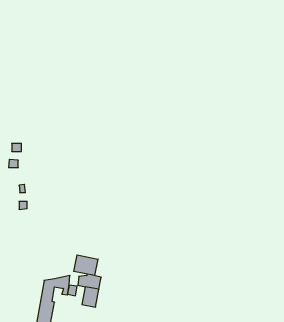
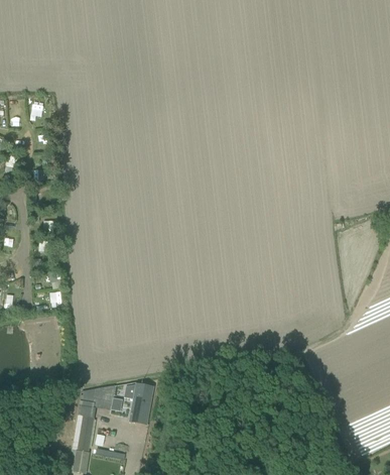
building: [74,255,98,275] -> none

